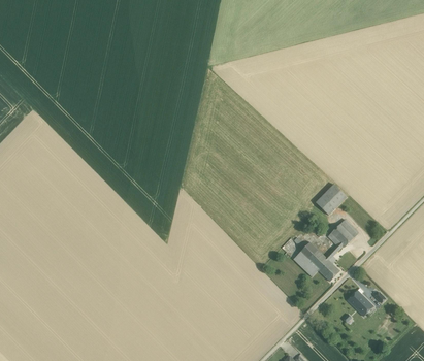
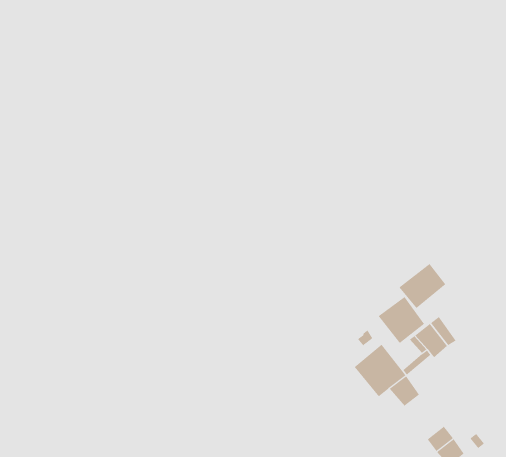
building: none -> [378,296,425,344]

